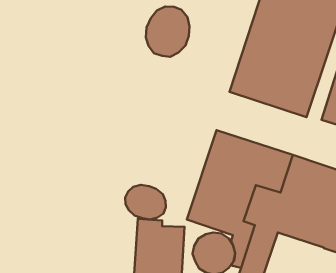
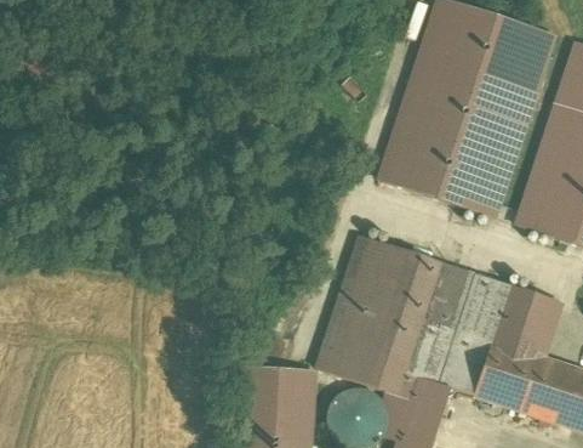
building: [146,6,190,57] -> none
building: [125,185,166,220] -> none

